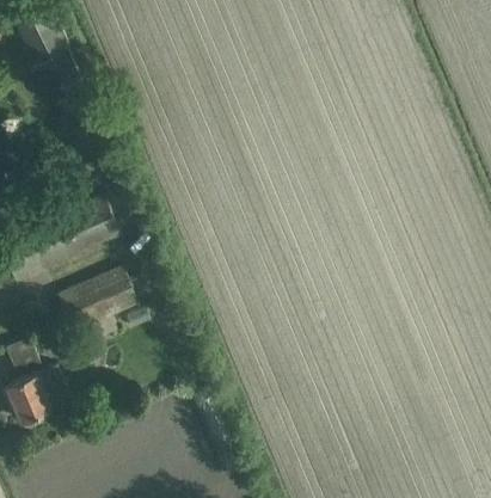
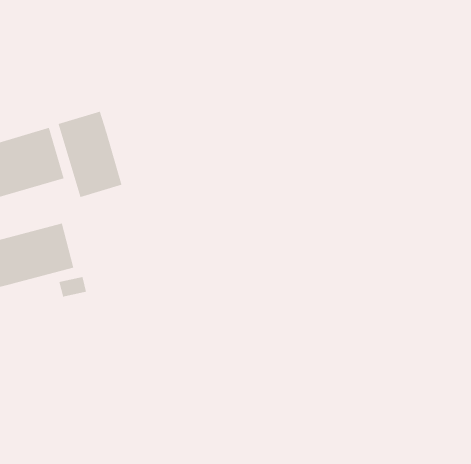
building: none -> [58,111,122,198]

